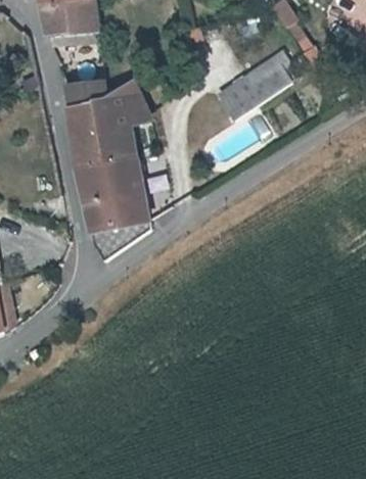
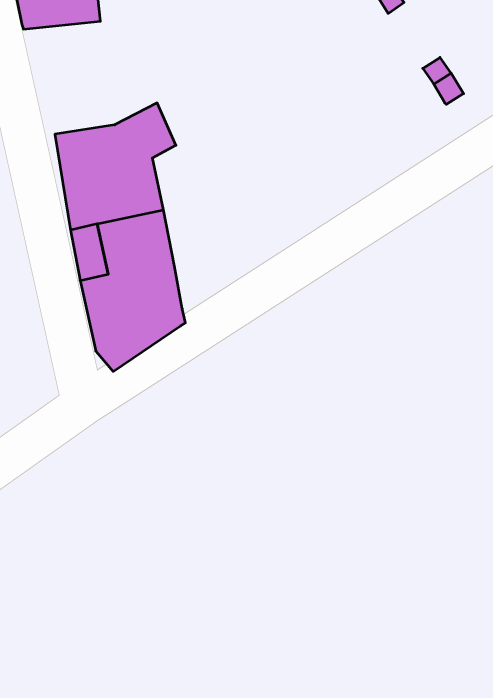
building: [218,55,290,117] -> none
building: [63,79,106,104] -> none

